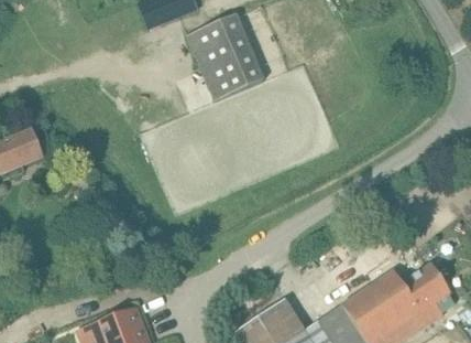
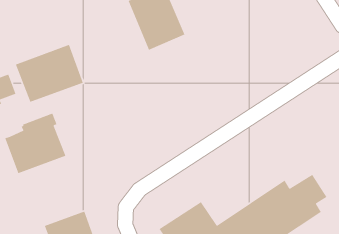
building: none -> [15,44,84,103]
building: none -> [4,112,67,174]

